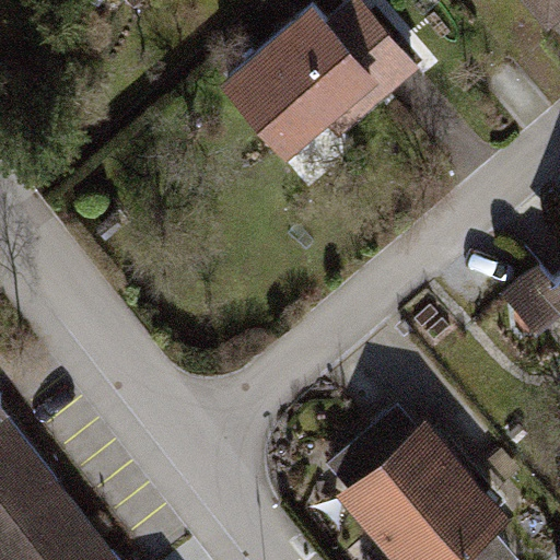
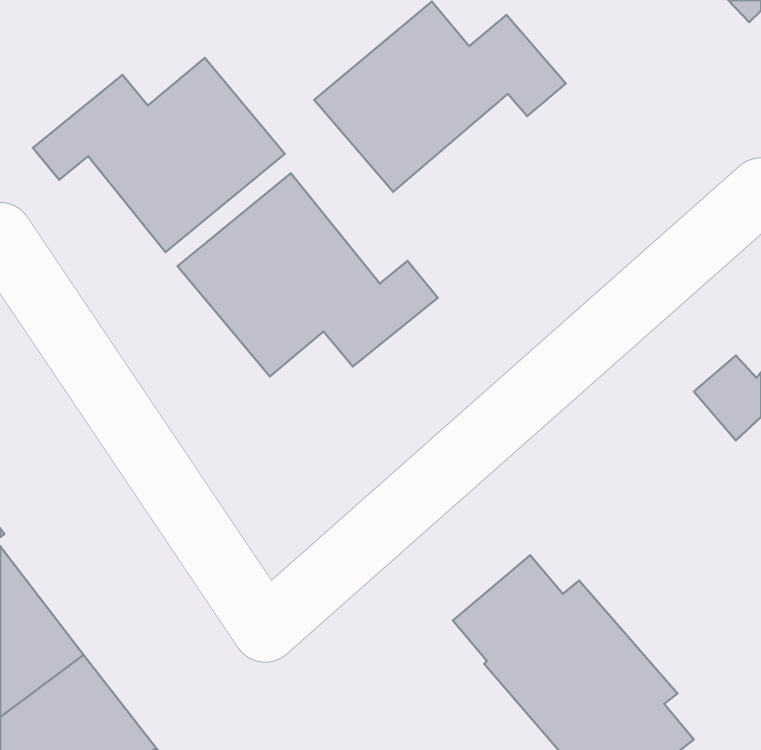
building: none -> [33,58,285,252]
building: none -> [178,173,438,376]

